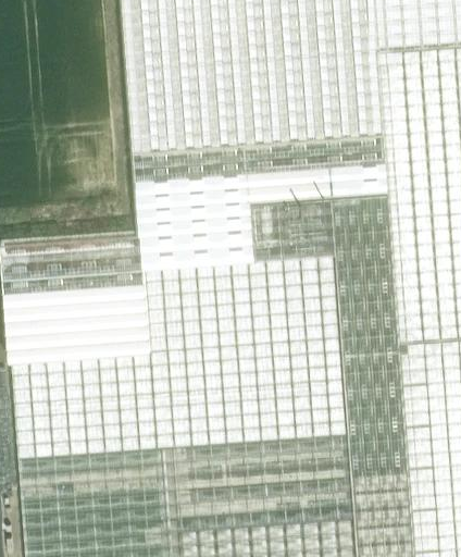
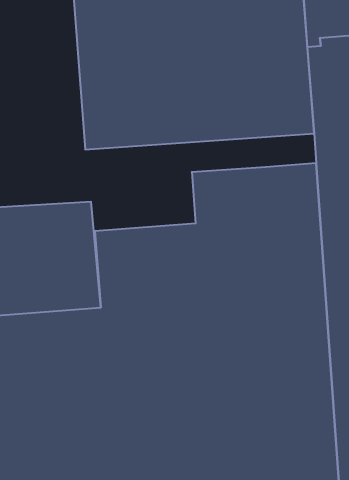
building: [134,157,388,264] -> none

